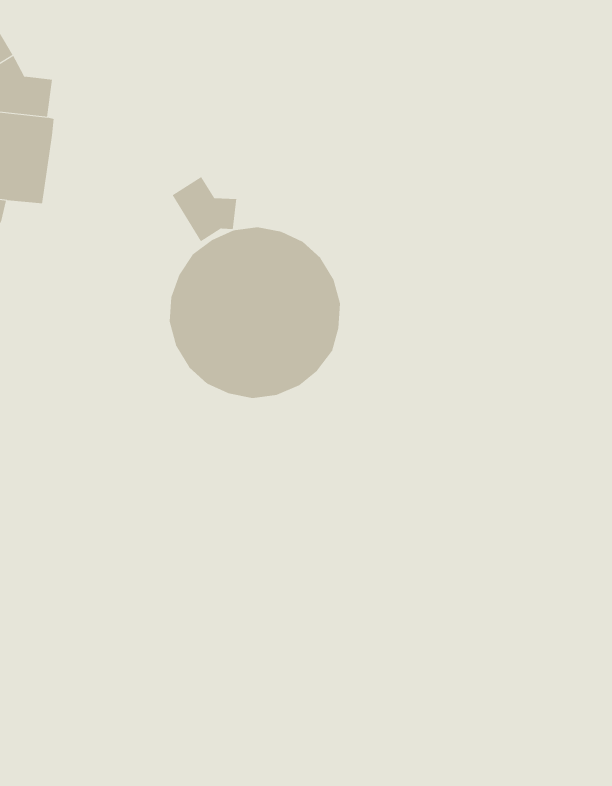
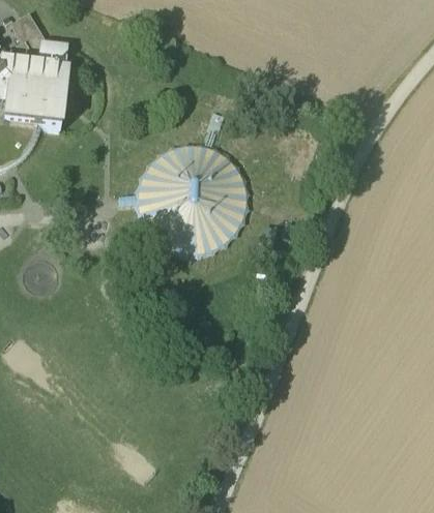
building: [172,176,237,242] -> none

